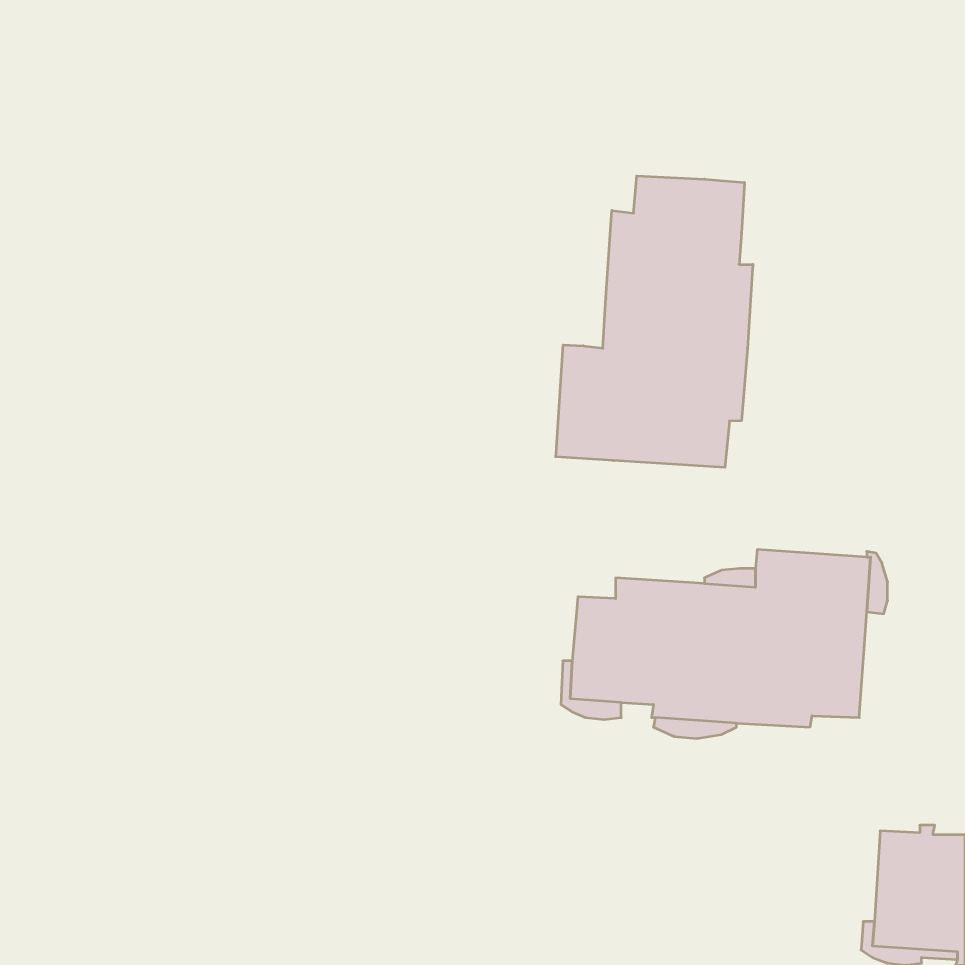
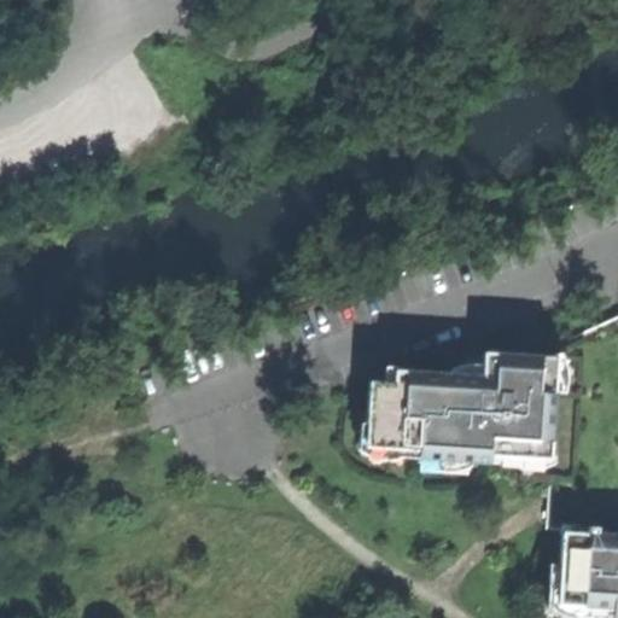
building: [556,176,753,467] -> none

